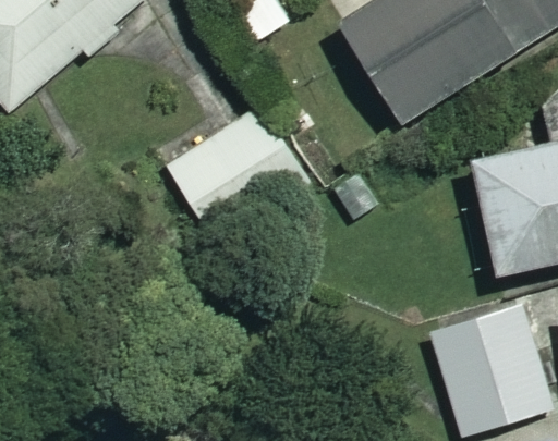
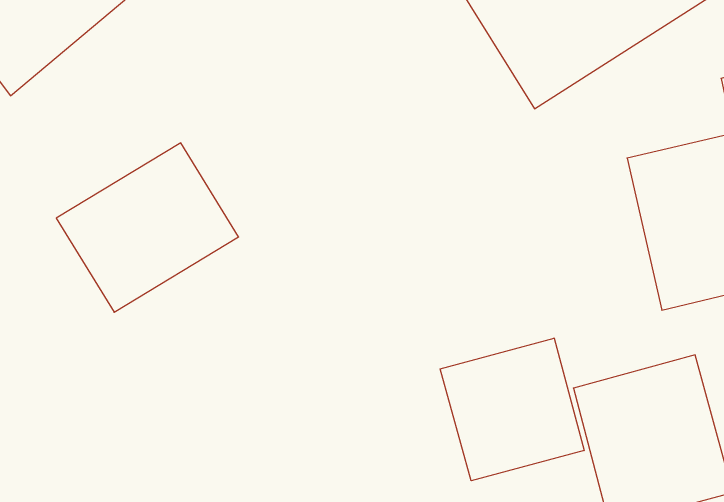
building: [168,110,305,237] -> [56,143,239,312]
building: none -> [440,338,584,481]

